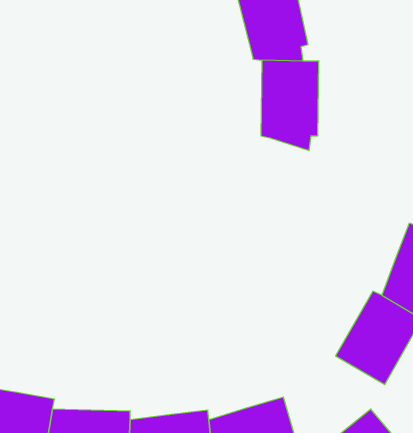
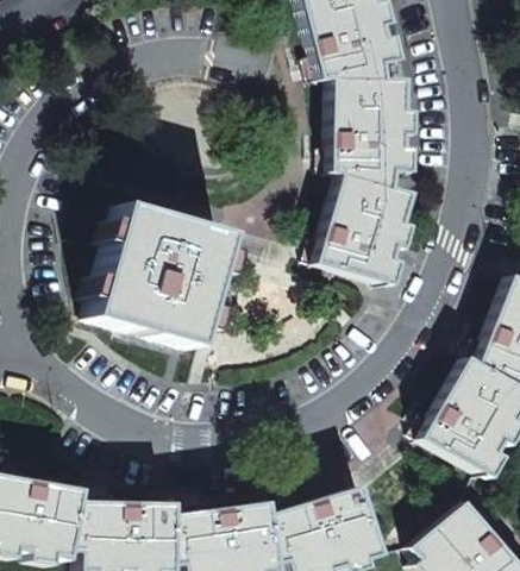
building: none -> [319,175,411,283]
building: none -> [90,207,226,347]

